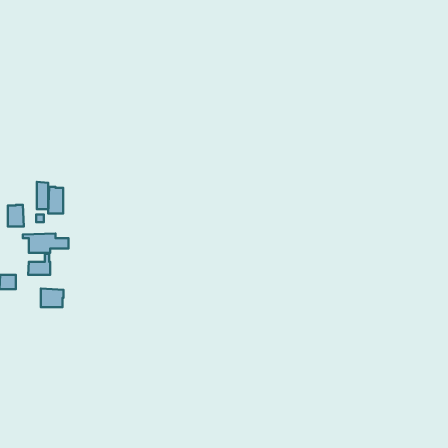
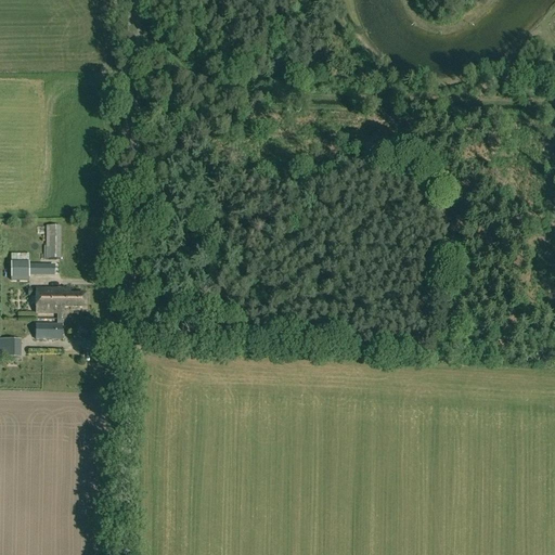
building: [48,187,63,214] -> none
building: [41,289,63,307] -> none

